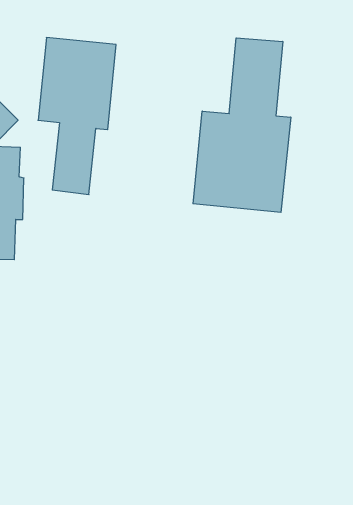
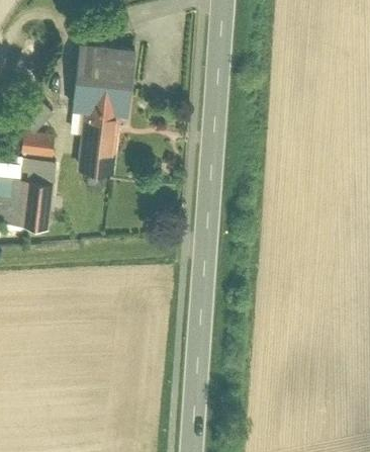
building: [193,38,291,212] -> none

